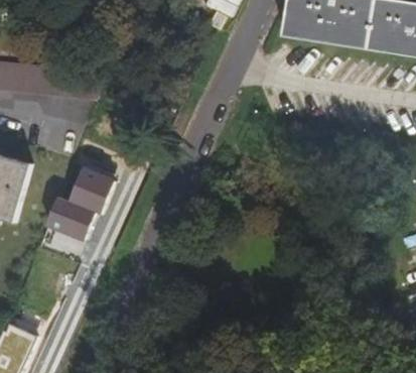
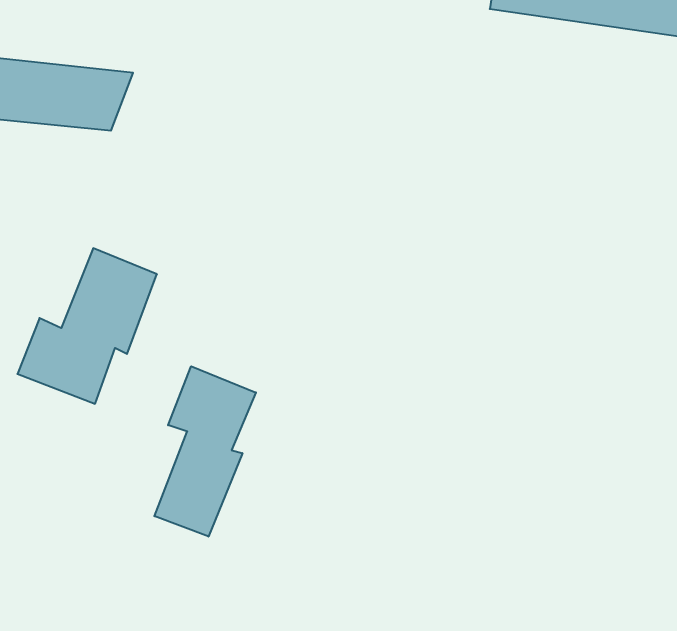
building: none -> [154,366,256,537]

